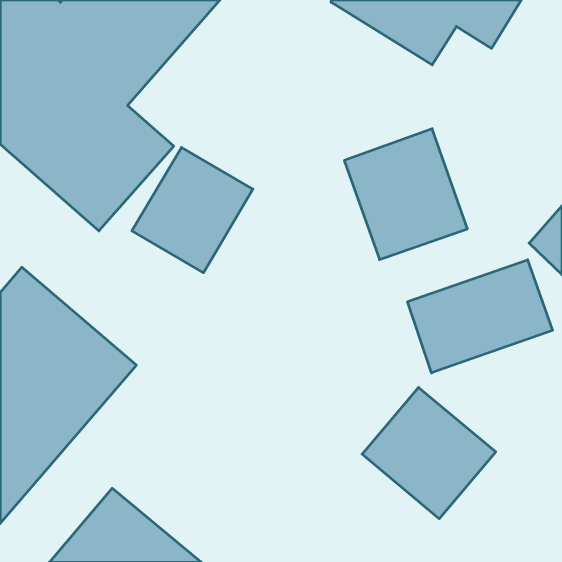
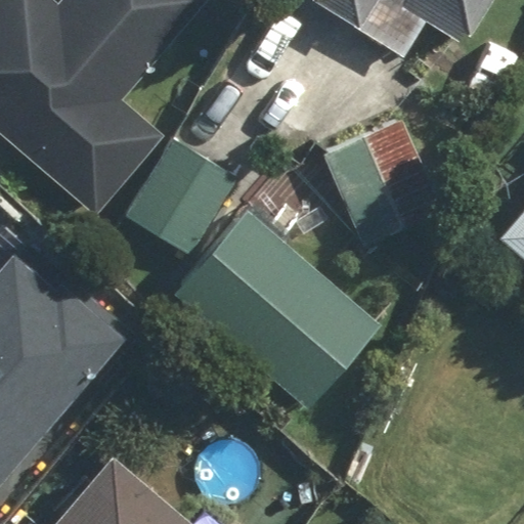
building: none -> [169,196,375,403]
building: [408,260,553,373] -> none
building: [362,387,496,519] -> none

